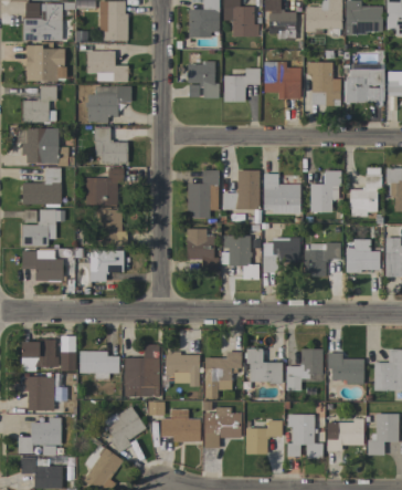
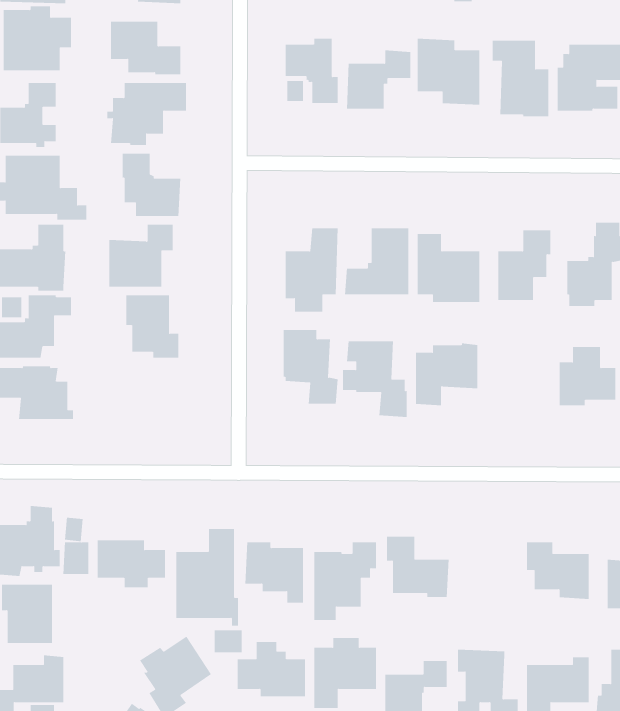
building: [304,242,340,277] -> none
building: [89,249,124,282] -> none
building: [286,348,322,393] -> none

